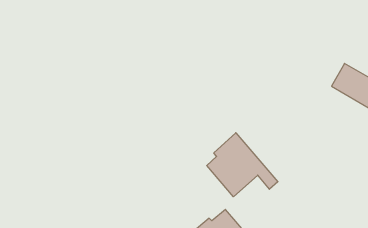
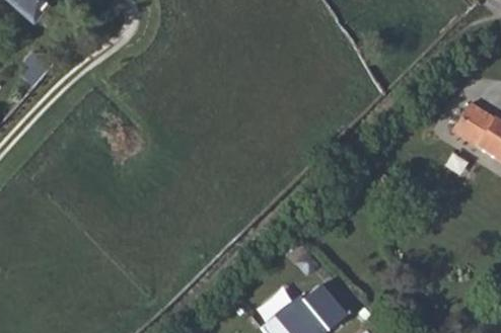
building: [207,133,278,197] -> none

